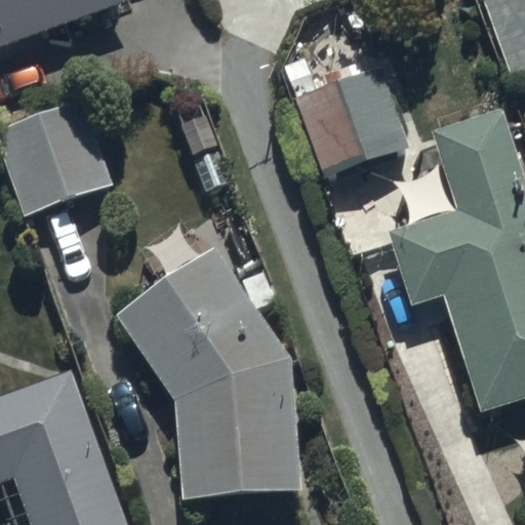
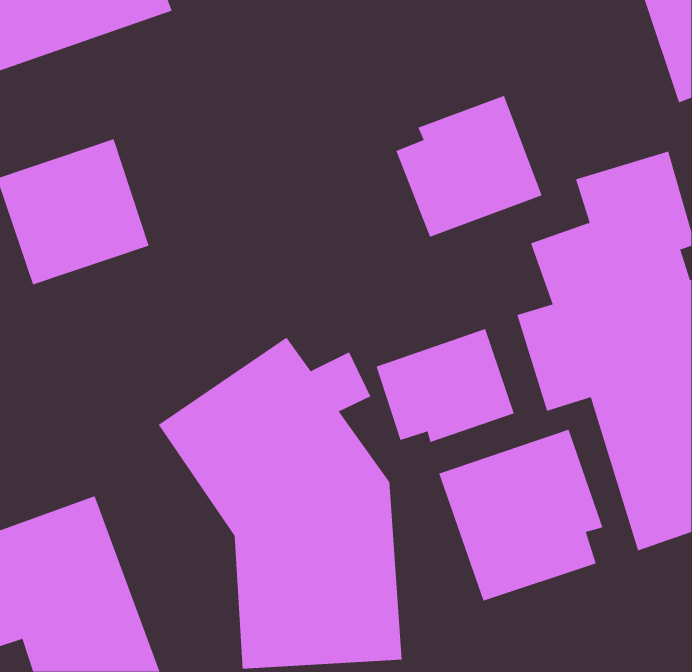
building: none -> [376,328,515,443]
building: none -> [439,429,603,601]

